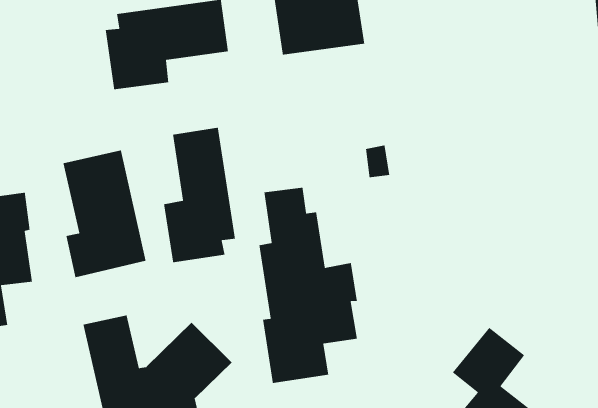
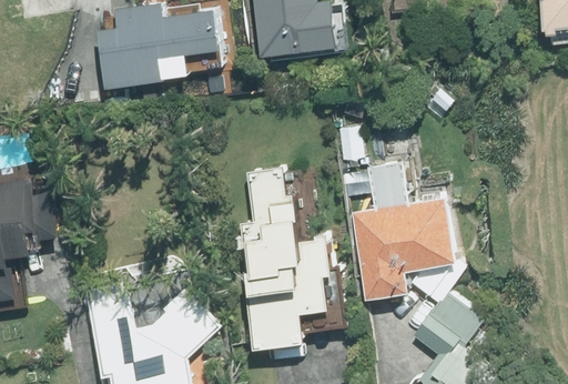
building: [163,127,236,263] -> none
building: [62,150,146,278] -> none
building: none -> [349,199,455,301]

